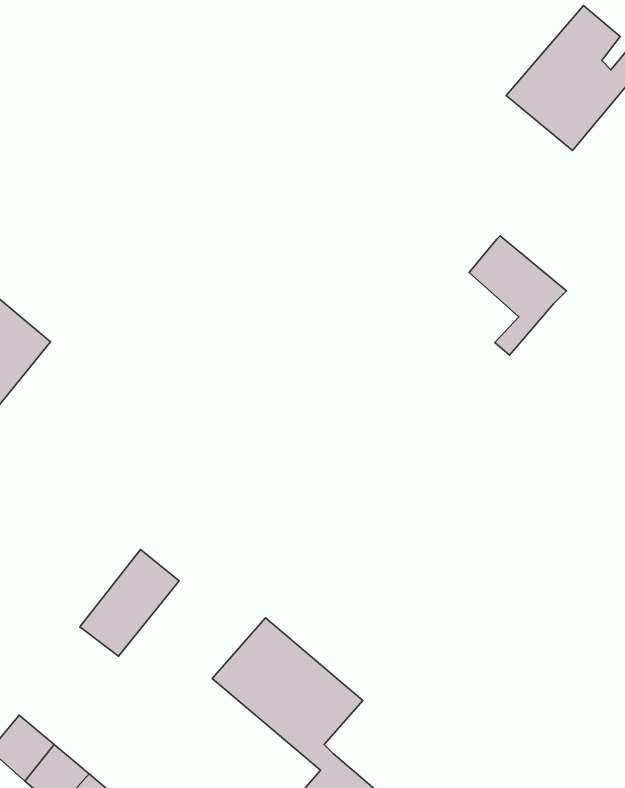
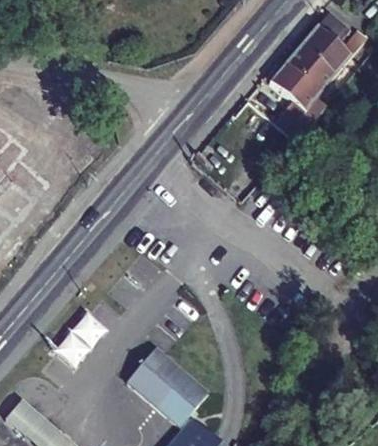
building: [469,236,566,355] -> [268,62,321,127]

